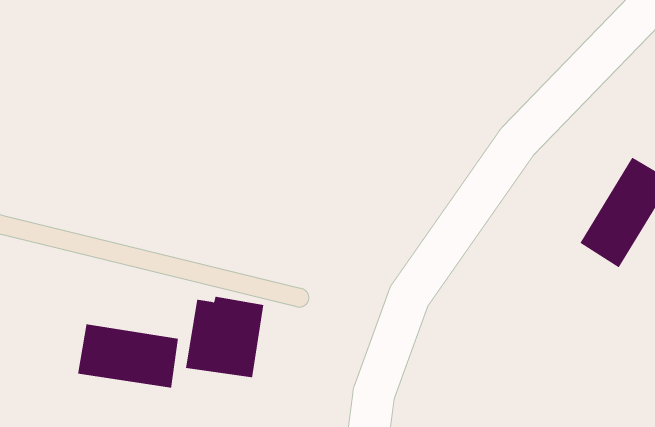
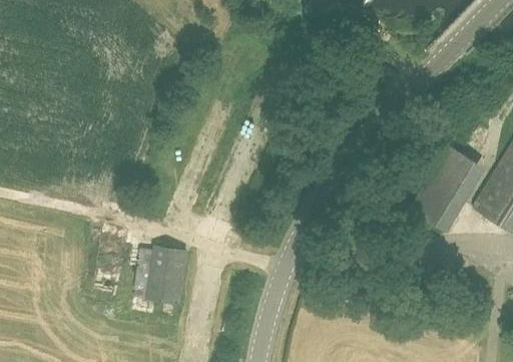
building: [78,324,178,389] -> none

